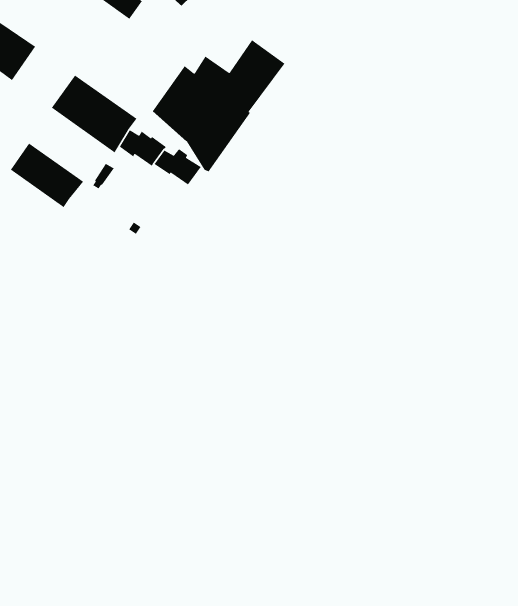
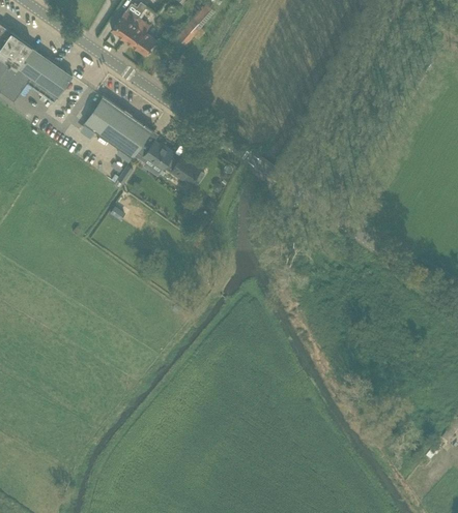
building: [152,39,285,173] -> none
building: [10,142,84,208] -> none

